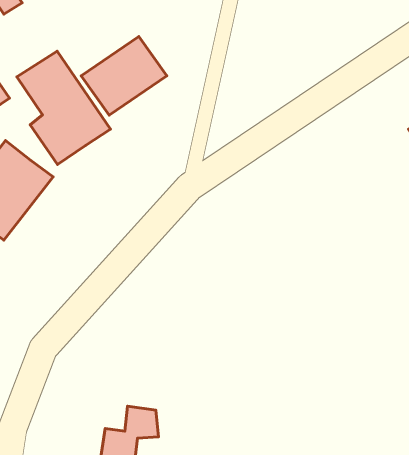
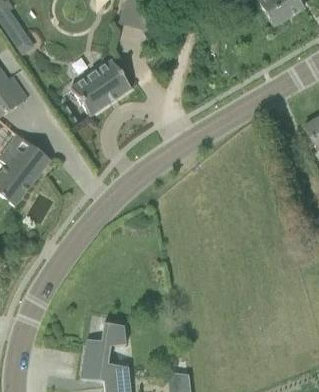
building: [17,51,110,165] -> none

